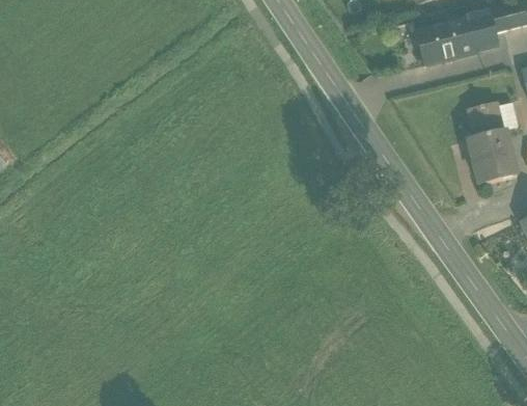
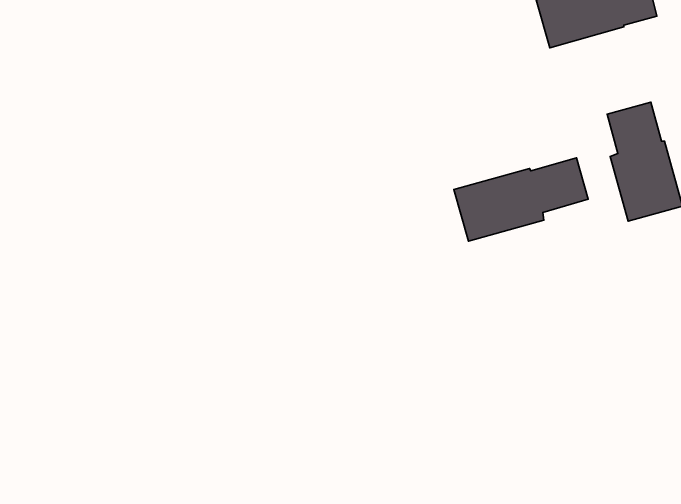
building: none -> [454,158,588,241]

